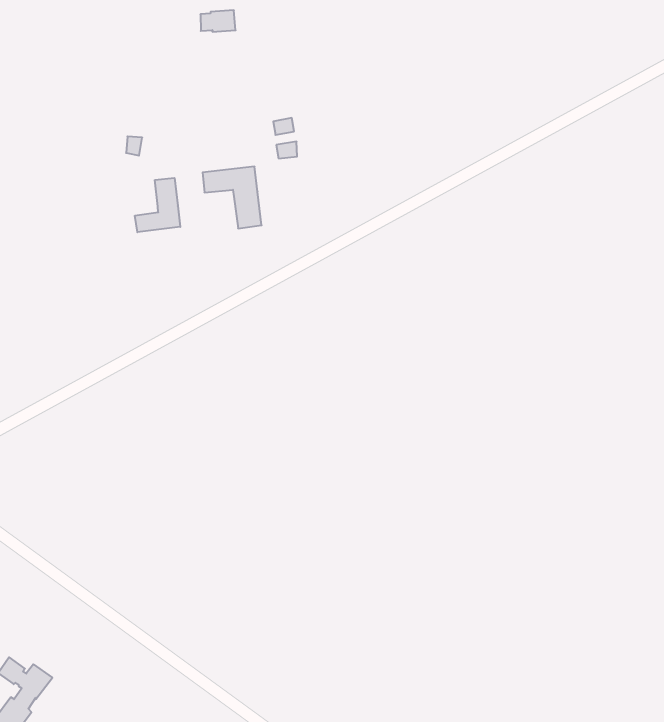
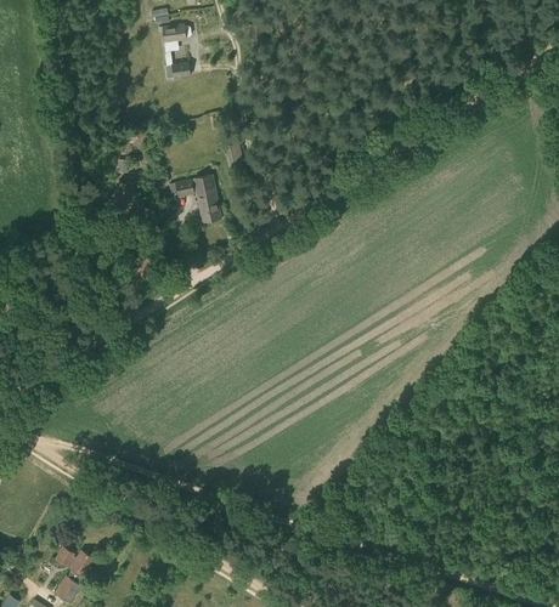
building: [135,178,180,232] -> none

